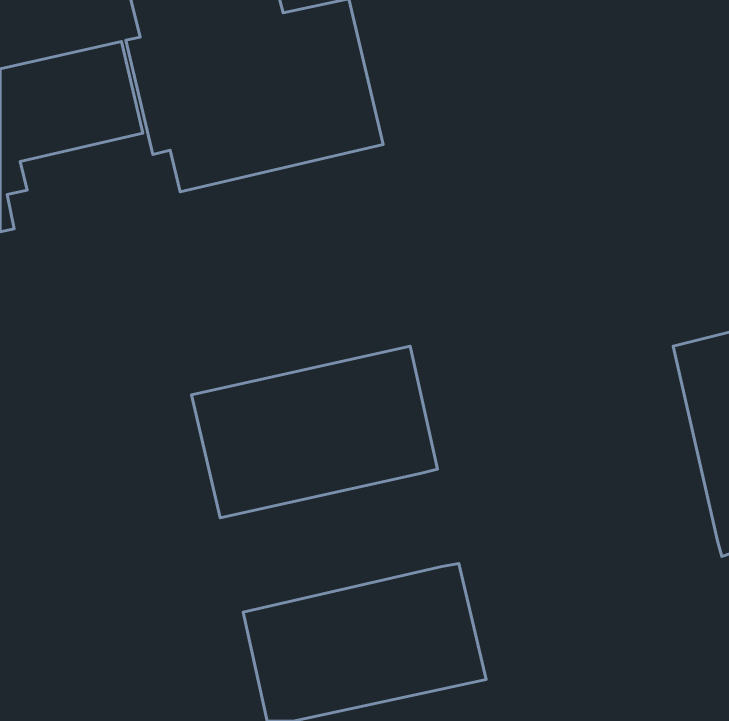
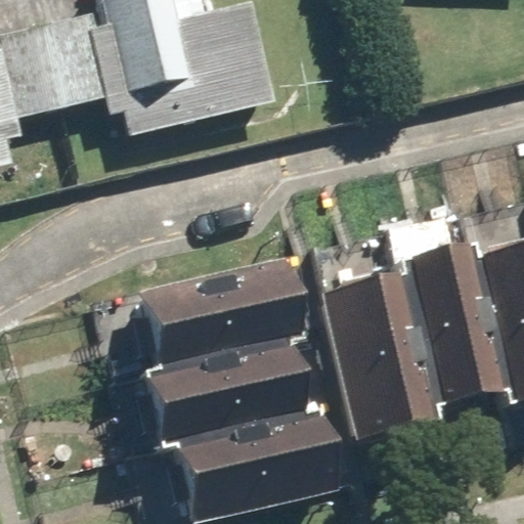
building: none -> [403,238,510,409]
building: none -> [322,271,431,433]
building: none -> [145,339,317,441]

